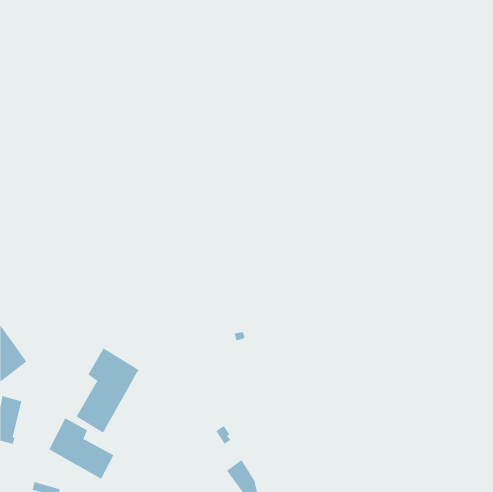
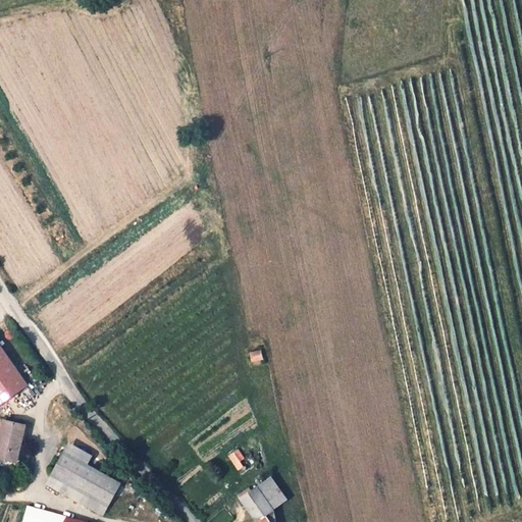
building: [76,348,139,433] -> none
building: none -> [255,477,281,509]

